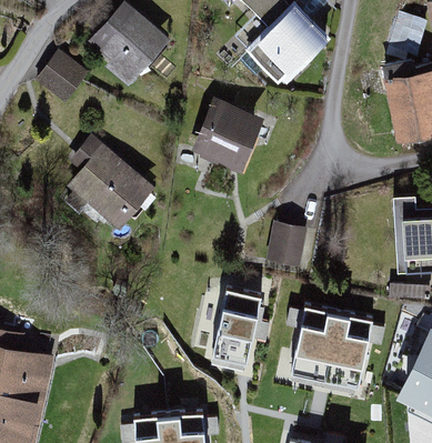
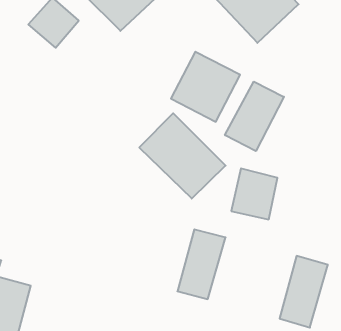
building: none -> [225,82,284,151]
building: [63,142,158,233] -> [139,113,226,199]
building: [290,302,339,379] -> none

